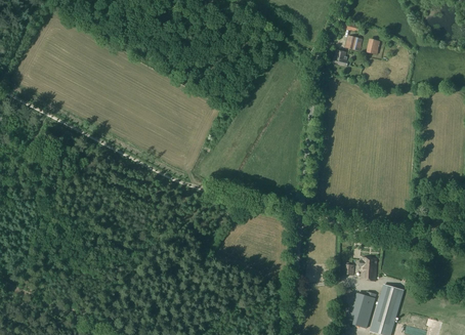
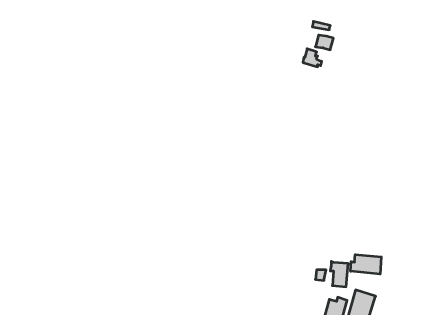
building: none -> [351,255,381,274]

